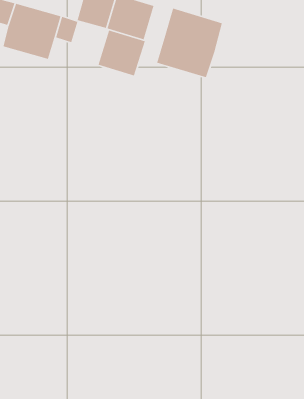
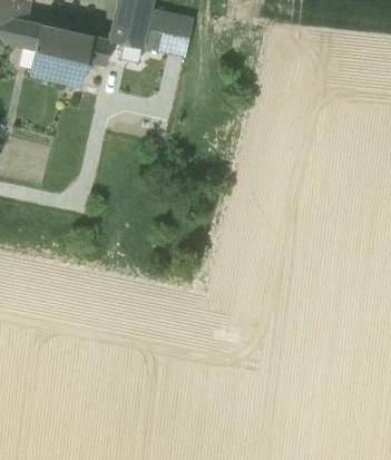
building: [156,8,223,78] -> none
building: [97,30,146,76] -> none

